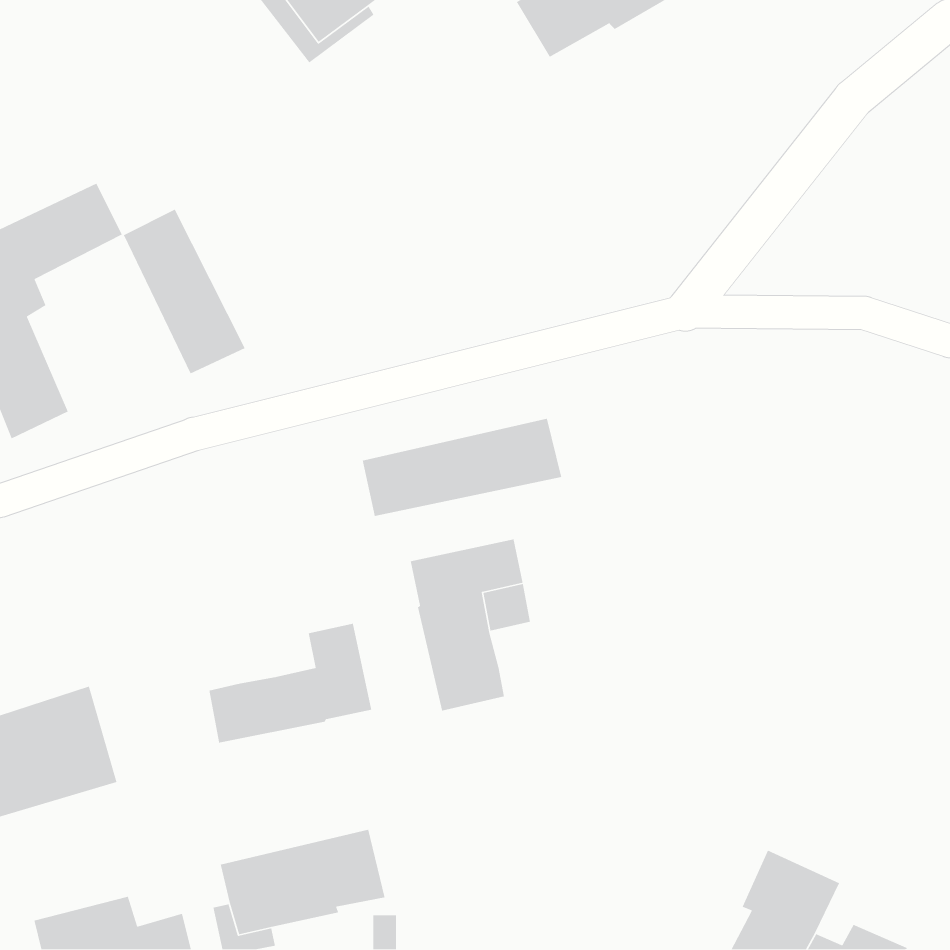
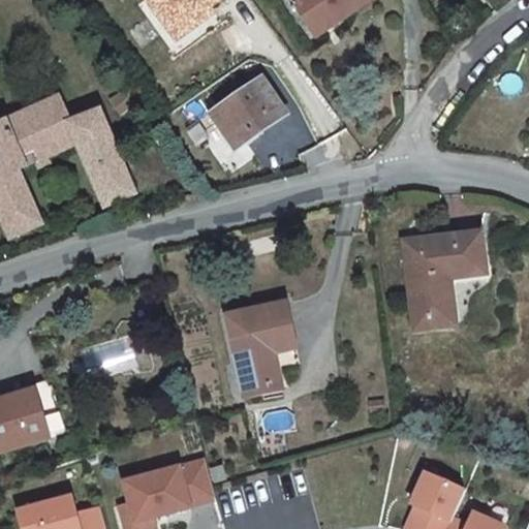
building: none -> [208,77,284,145]
building: [362,418,562,517] -> none
building: none -> [403,234,481,325]
building: [209,623,372,743] -> none

